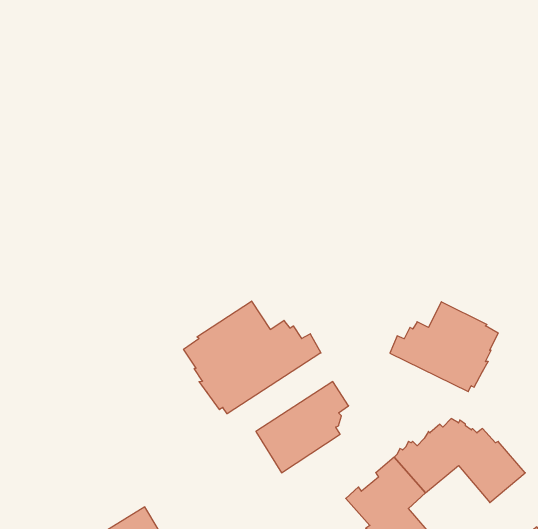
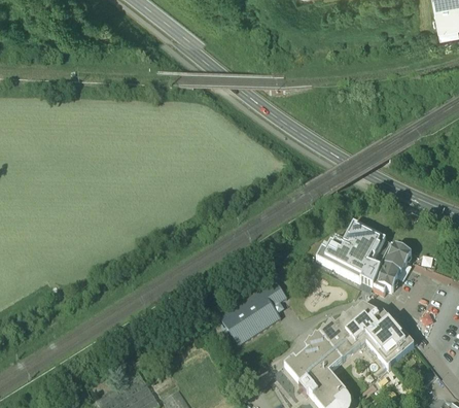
building: [184,301,321,414] -> none
building: none -> [372,248,410,298]

